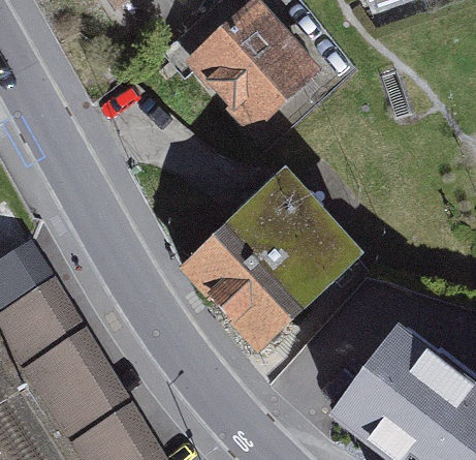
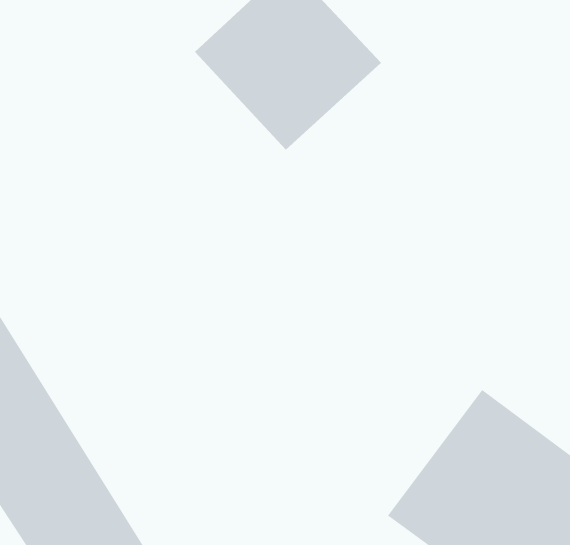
building: [191,186,350,359] -> none

